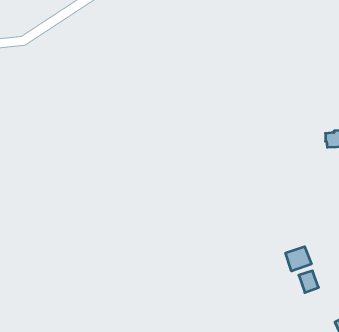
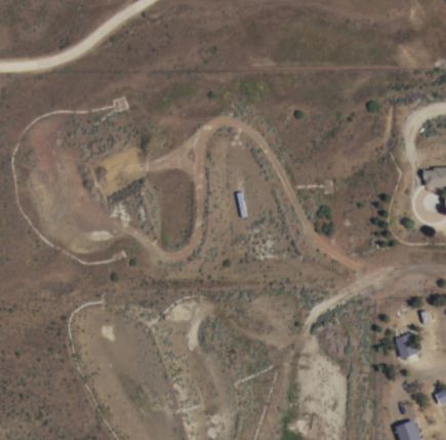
building: [286,247,311,271] -> none

